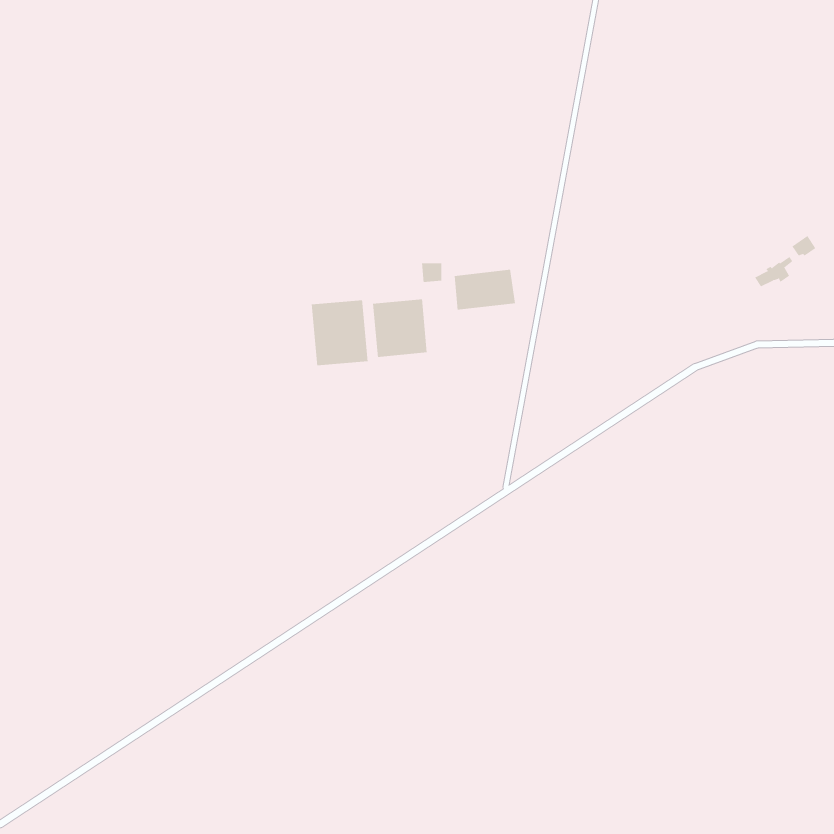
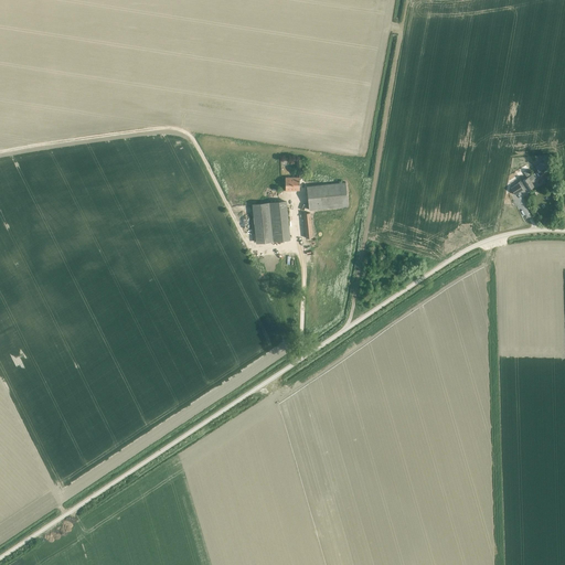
building: [311,299,368,366] -> none

